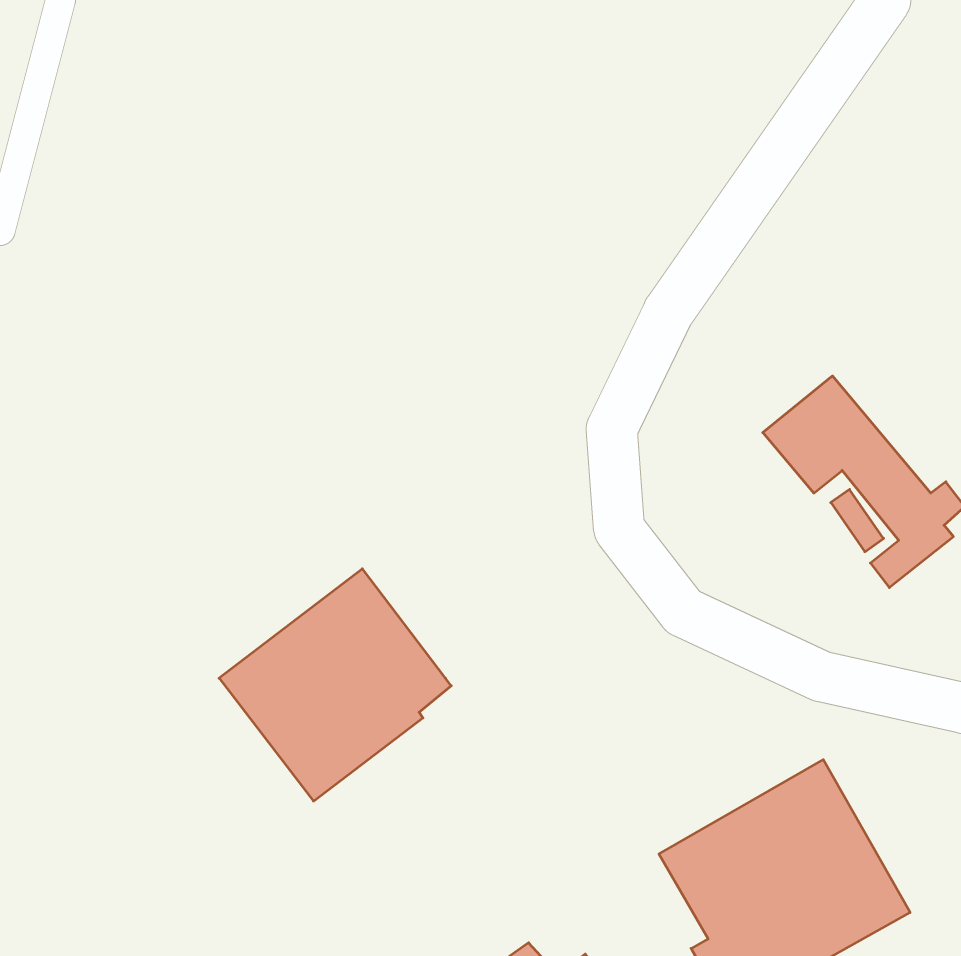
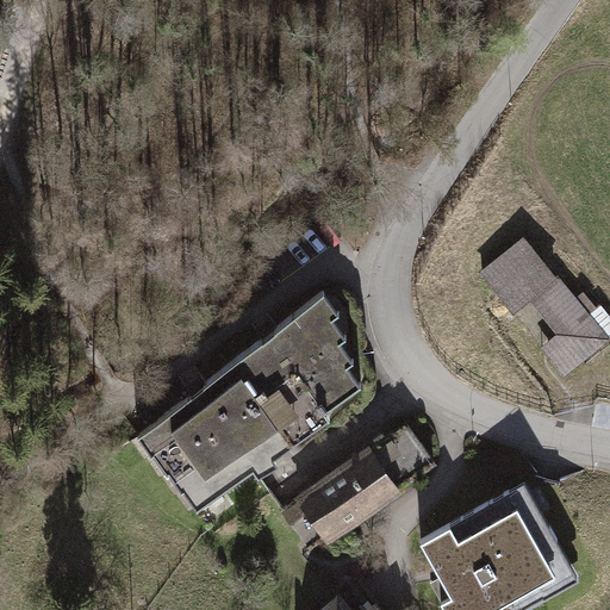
building: none -> [231,300,353,434]
building: none -> [297,427,432,542]

